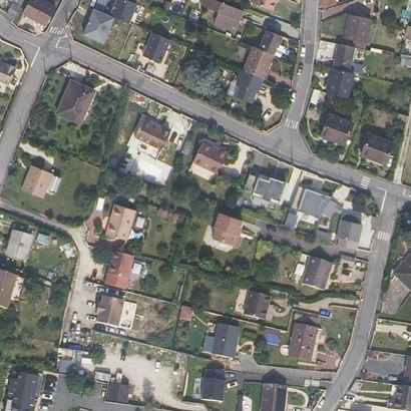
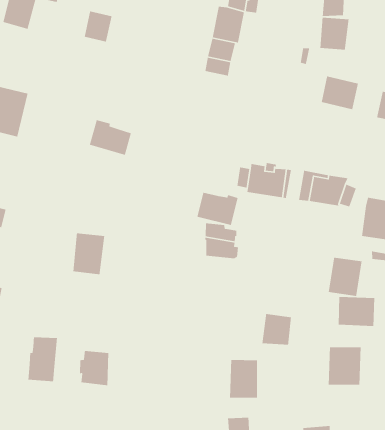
building: [190,143,226,173] -> [197,192,239,226]
building: [104,250,133,288] -> [28,337,58,382]
building: none -> [338,296,375,327]

